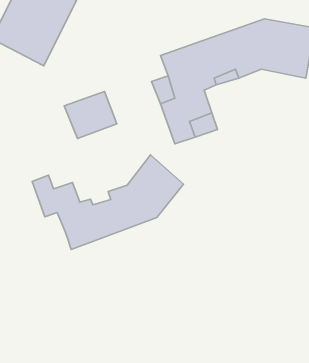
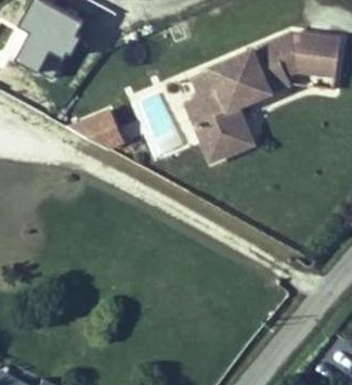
building: [32,155,184,249] -> none

